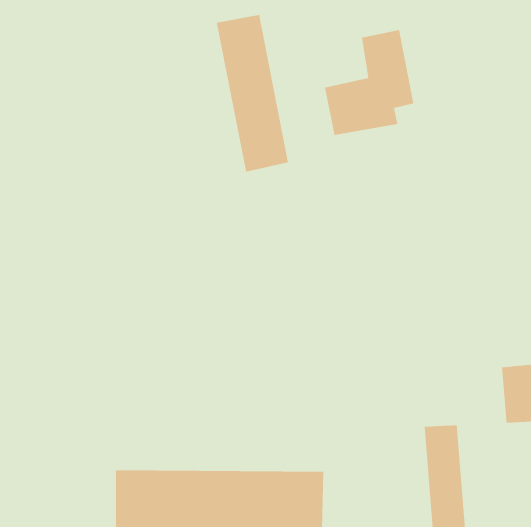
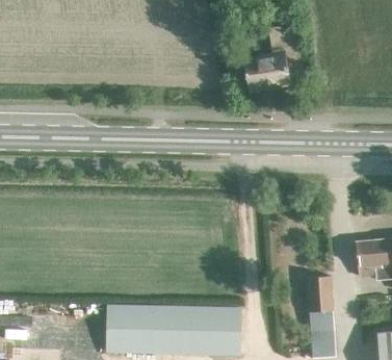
building: [216,14,288,173] -> none

